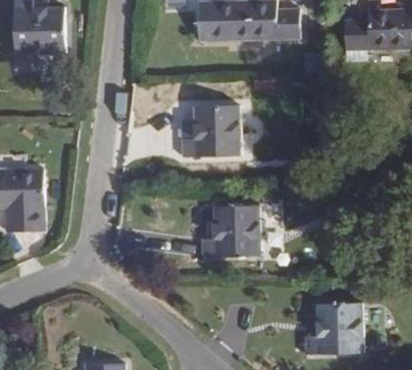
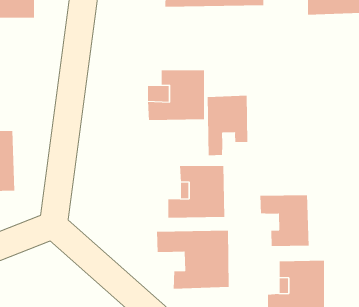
building: none -> [207,95,248,156]
building: none -> [260,194,309,247]
building: none -> [156,230,229,289]

